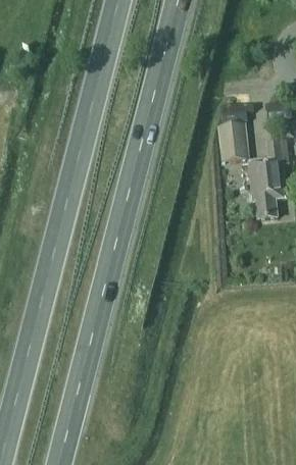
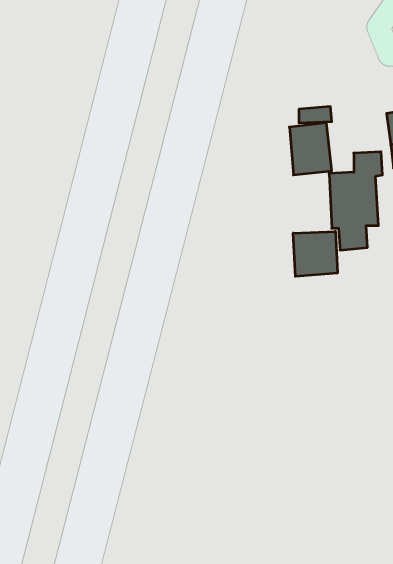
building: none -> [293,231,337,276]

